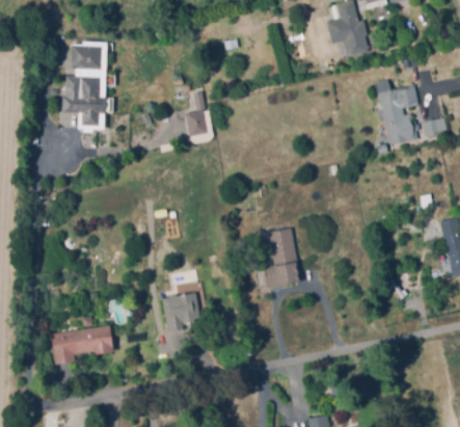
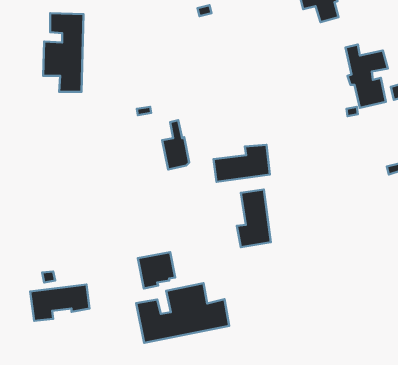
building: [185,92,213,143] -> [162,120,189,170]
building: none -> [213,145,270,182]
building: none -> [136,283,229,343]

